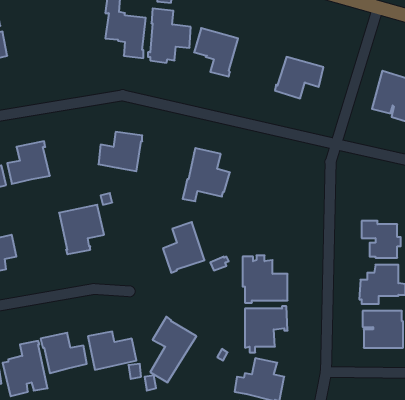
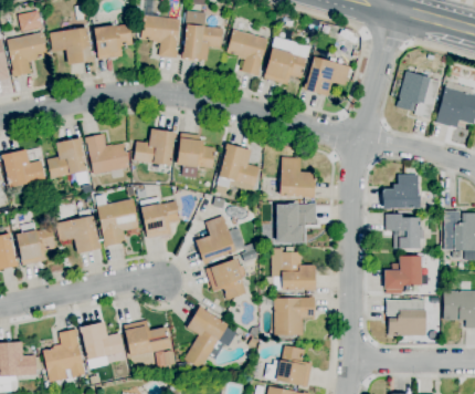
building: none -> [94,23,134,60]
building: none -> [50,27,95,64]
building: none -> [265,35,310,84]
building: none -> [177,132,215,177]
building: none -> [86,133,130,179]
building: none -> [281,156,316,198]
building: none -> [382,174,421,208]
building: none -> [139,196,181,238]
building: none -> [277,203,317,242]
building: none -> [56,207,103,253]
building: none -> [207,258,247,300]

